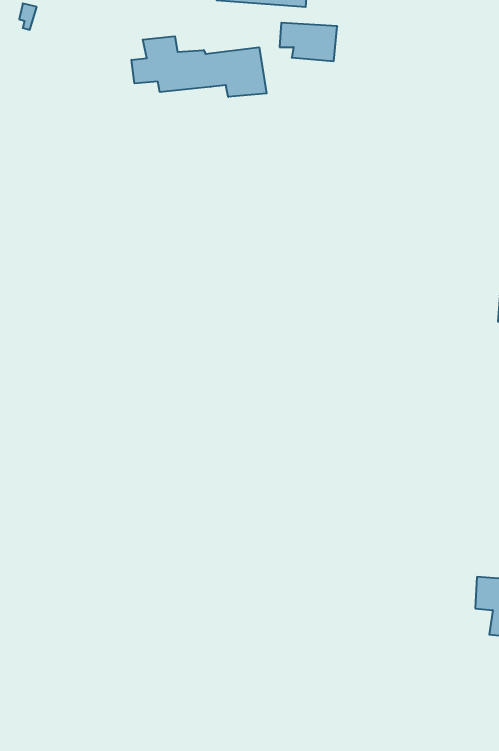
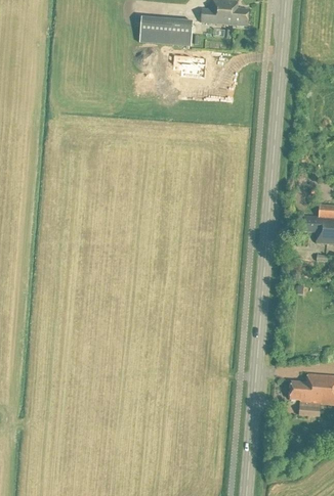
building: [132,36,267,97] -> none

